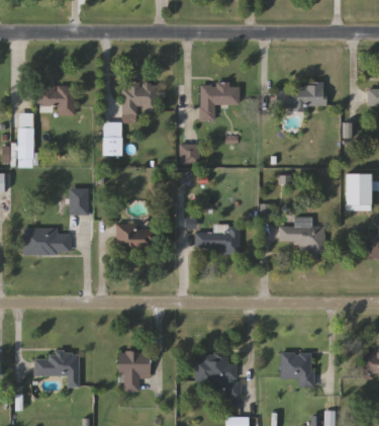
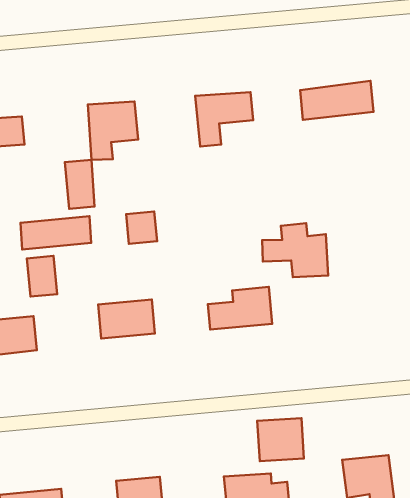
building: [180,143,200,164] -> [126,212,157,244]
building: none -> [21,216,91,249]
building: [279,217,325,255] -> [262,223,328,277]
building: none -> [257,418,304,461]

